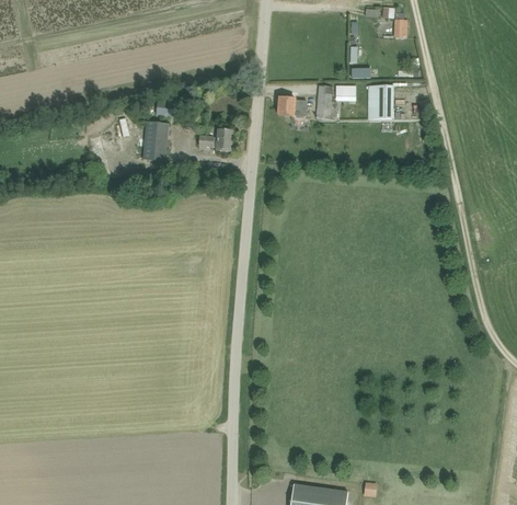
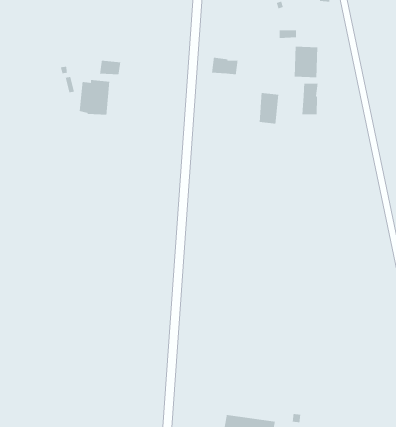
building: [317,84,338,119] -> [259,92,279,124]
building: none -> [302,83,318,115]
building: [198,128,232,151] -> none

